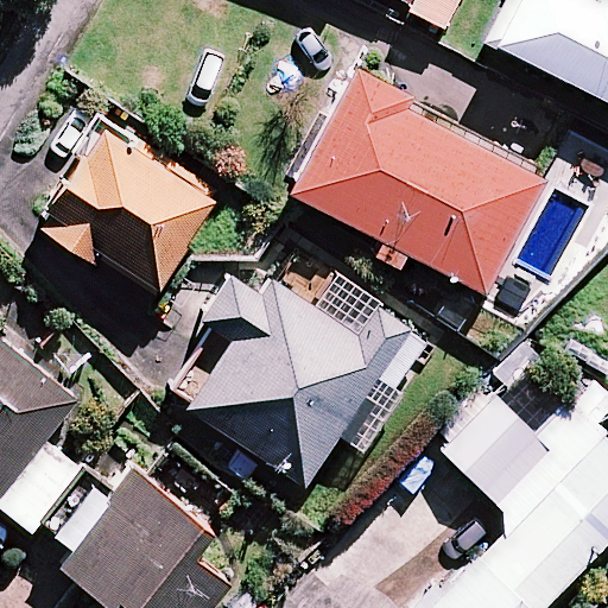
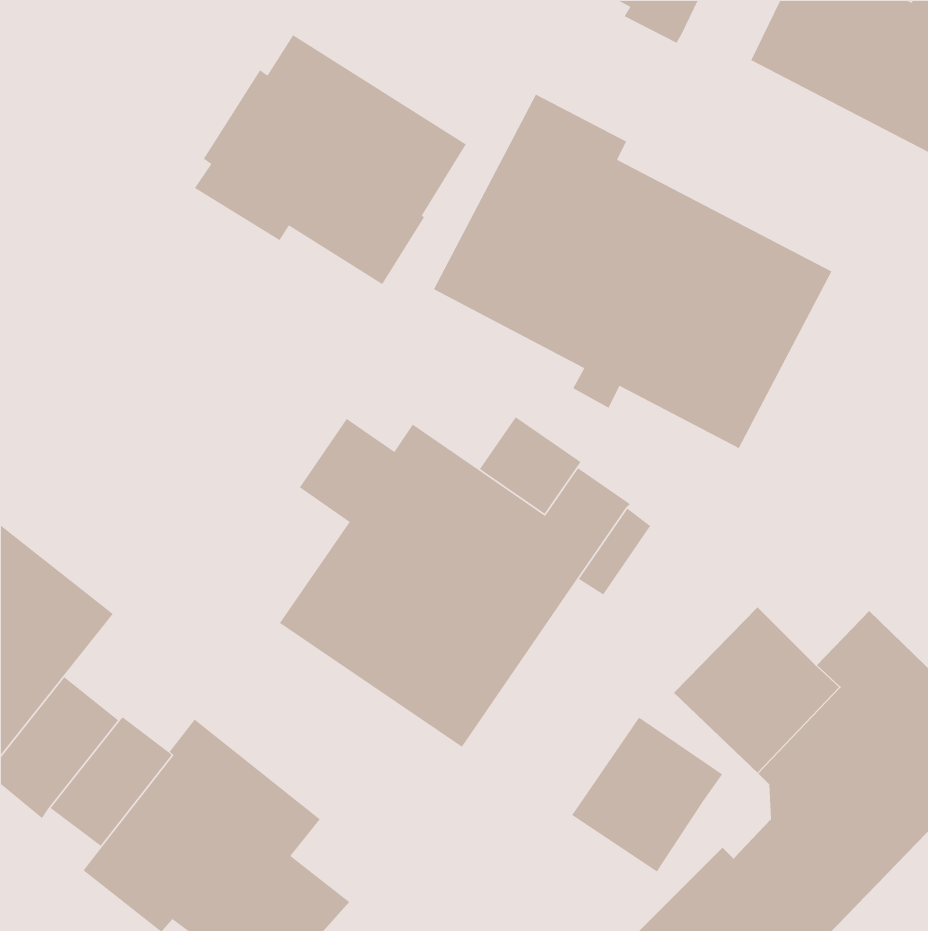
building: [39,129,216,292] -> [194,34,467,285]
building: none -> [571,717,723,872]

